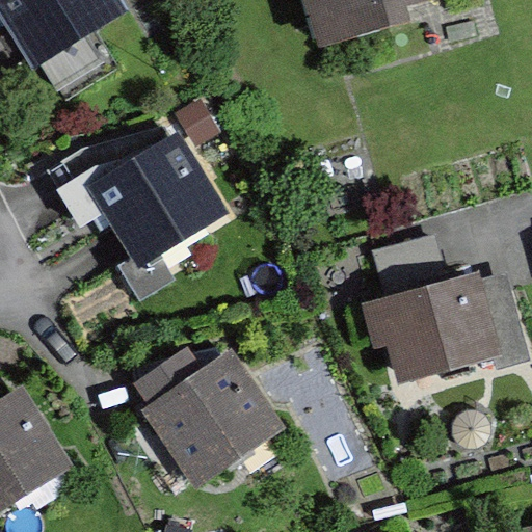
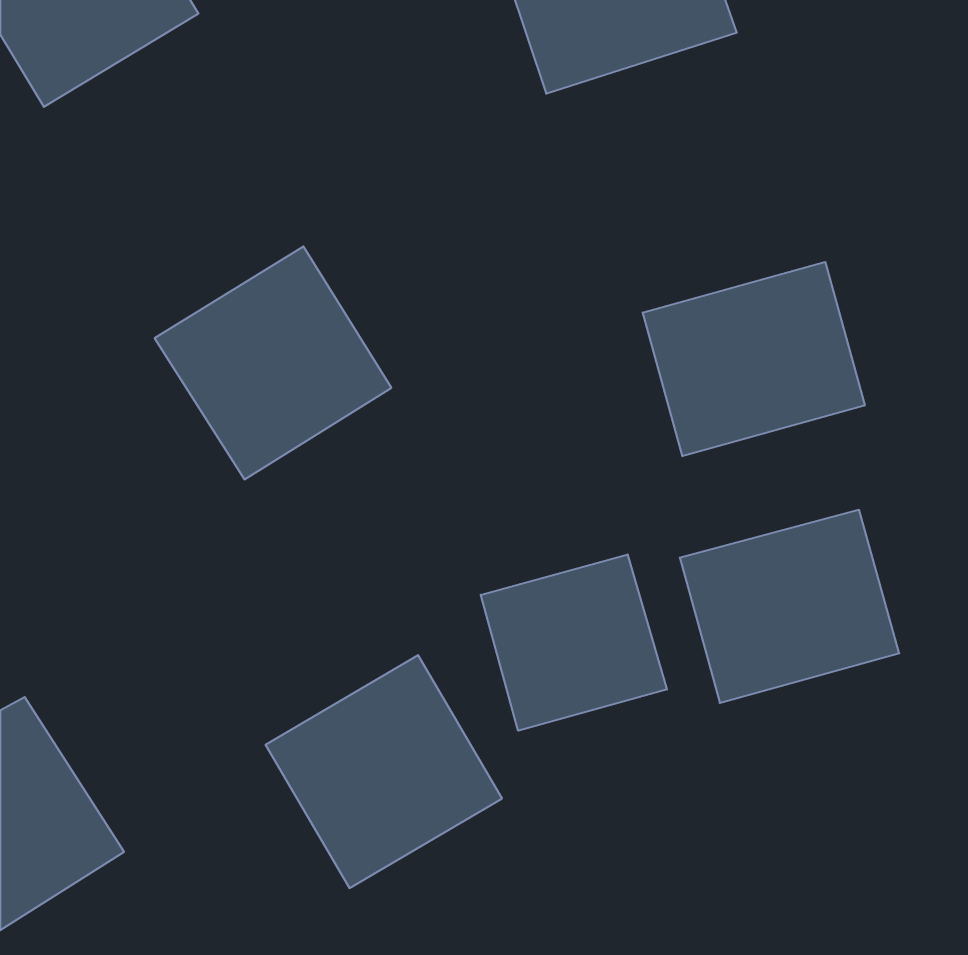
building: none -> [643,262,865,456]
building: none -> [481,554,667,731]

